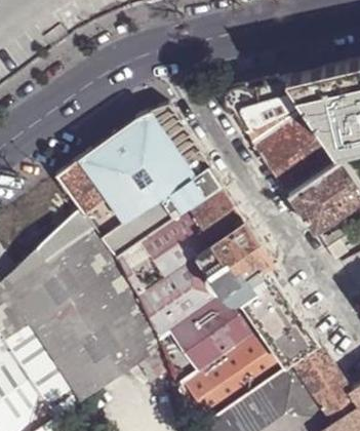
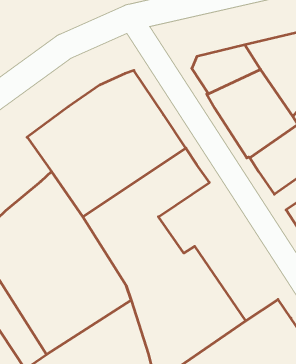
building: [195,226,320,370] -> none

